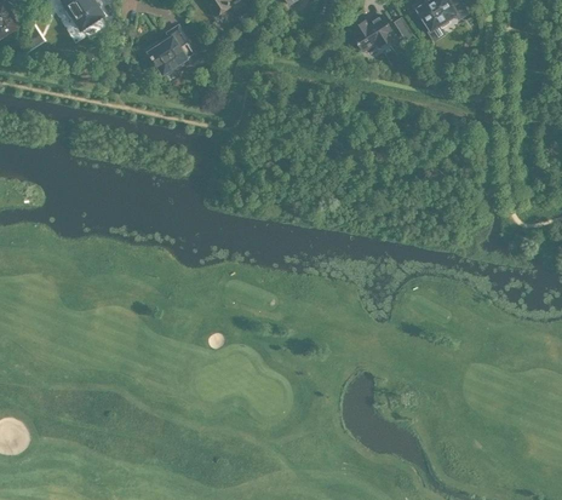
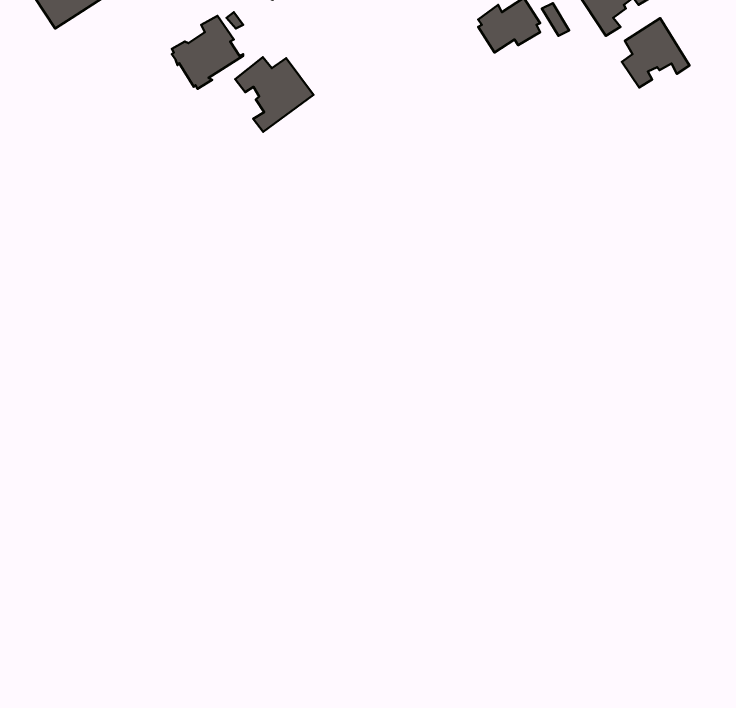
building: none -> [622,18,690,88]
building: none -> [235,57,314,132]

